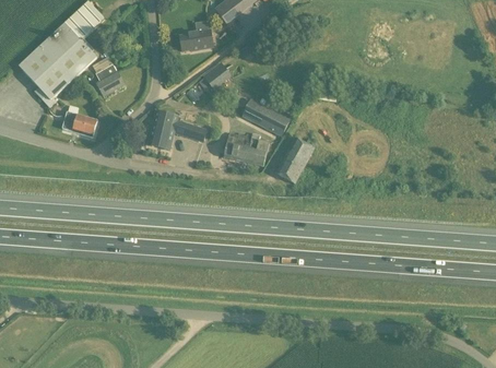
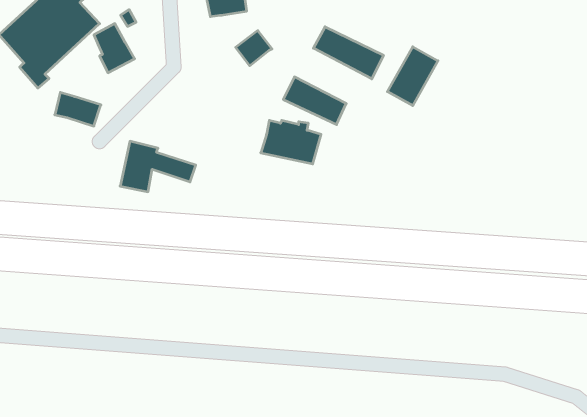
building: none -> [313,27,383,79]
building: [149,109,208,149] -> [120,141,196,192]
building: [275,136,315,182] -> [387,47,438,106]

